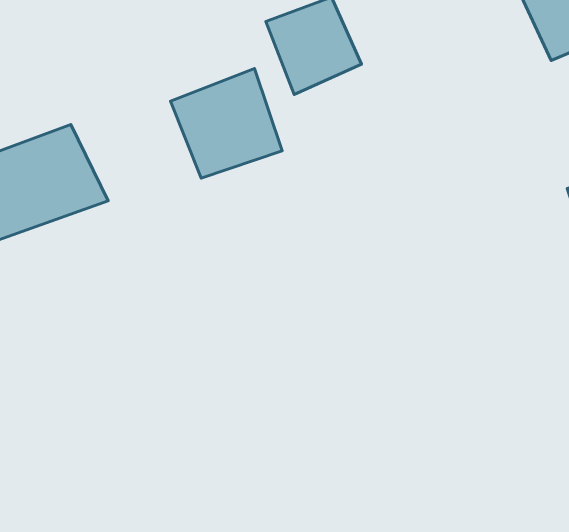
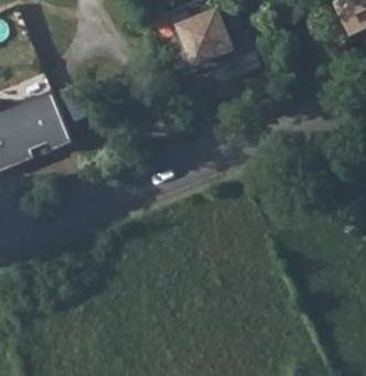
building: [170,68,282,178] -> none

